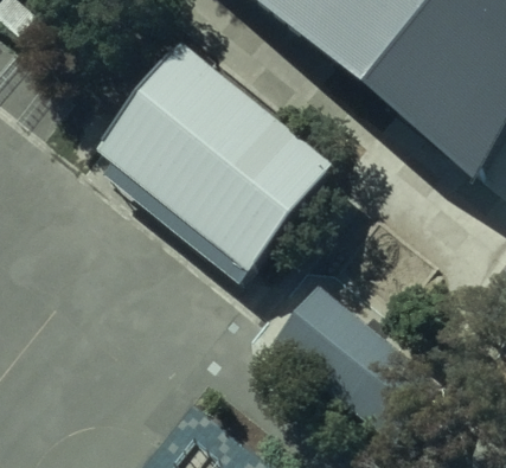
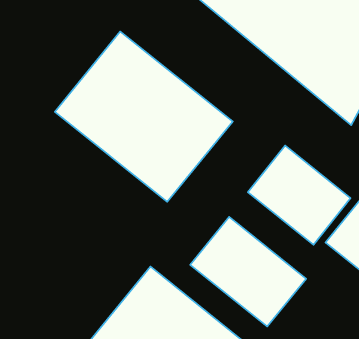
building: none -> [248,146,351,245]

